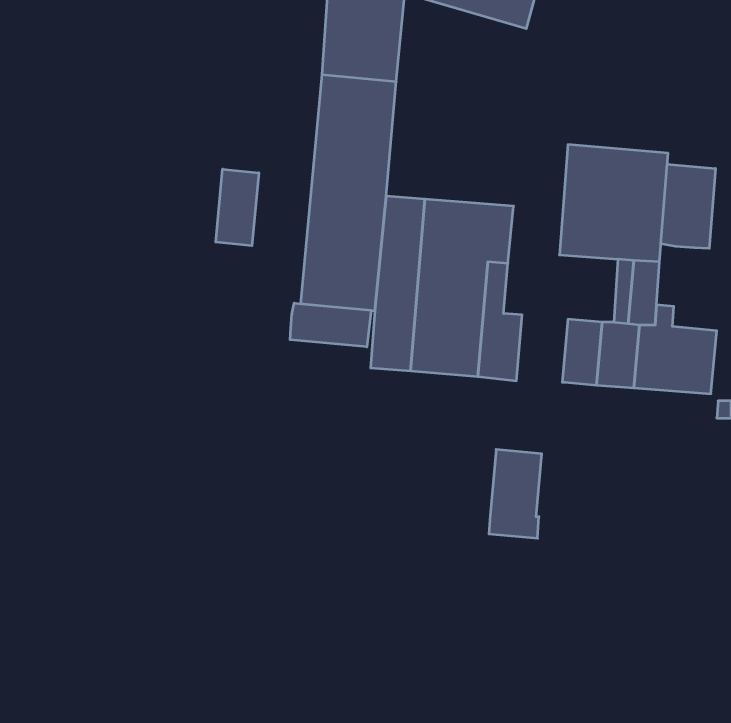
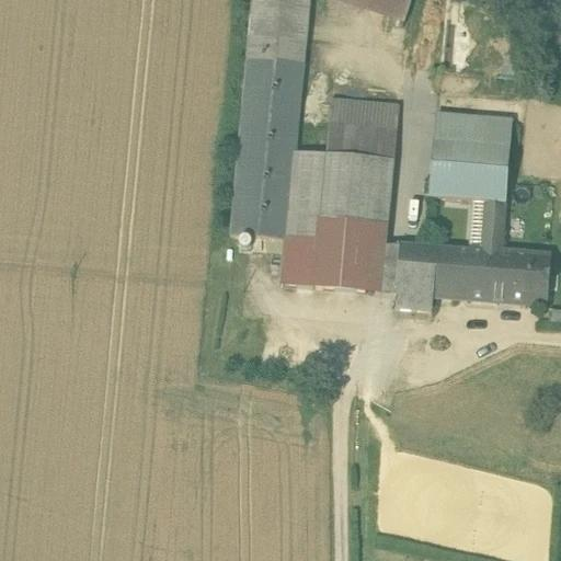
building: none -> [325,95,399,158]
building: [661,164,715,248] -> none
building: [216,169,259,246] -> none
building: [290,303,371,347] -> none
building: [489,449,542,538] -> [394,241,435,309]

